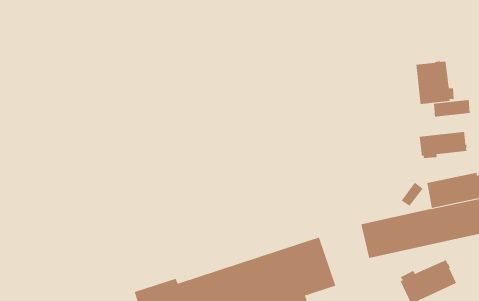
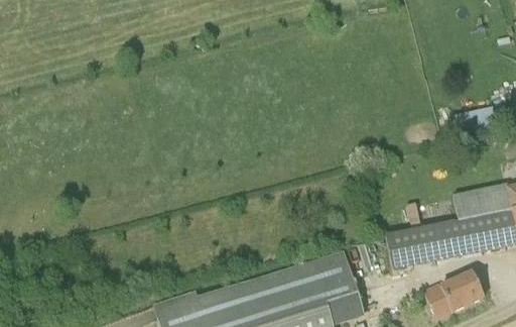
building: [416,61,454,105] -> none
building: [419,131,467,159] -> none

